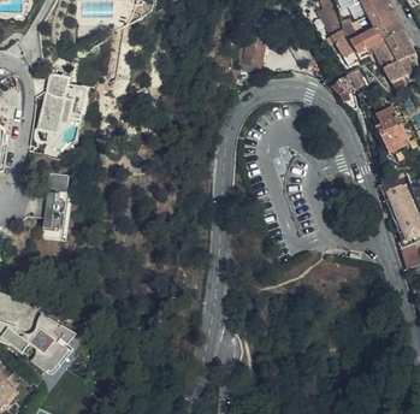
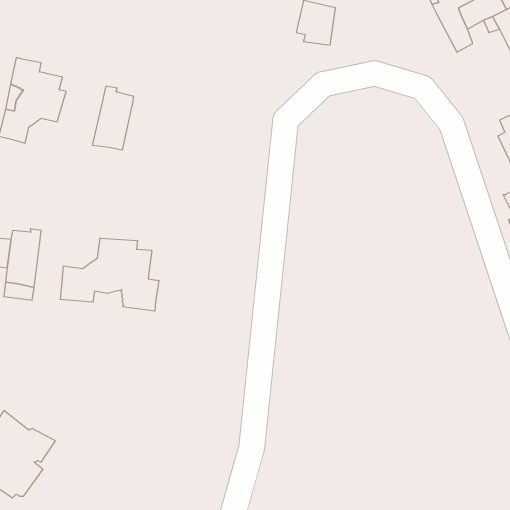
building: [331,71,369,97] -> none
building: none -> [93,86,134,150]
building: none -> [60,238,159,311]

